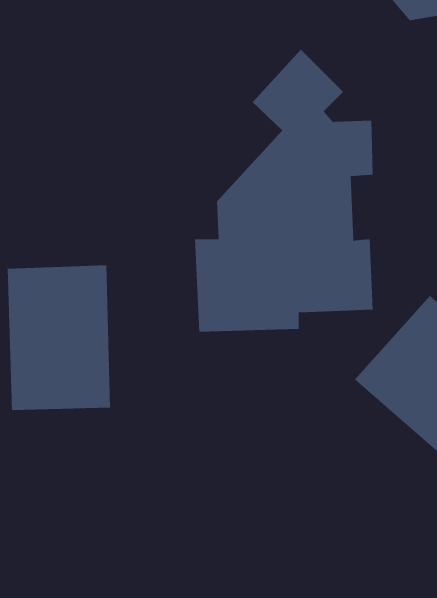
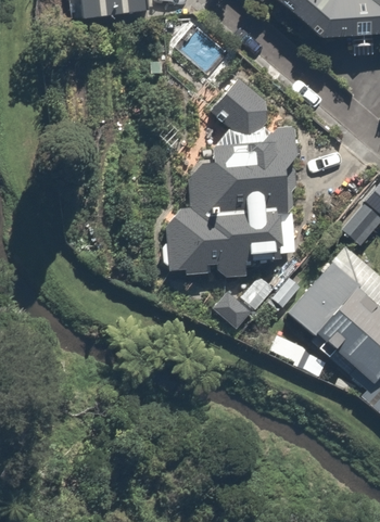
building: [7,265,110,411] -> none

